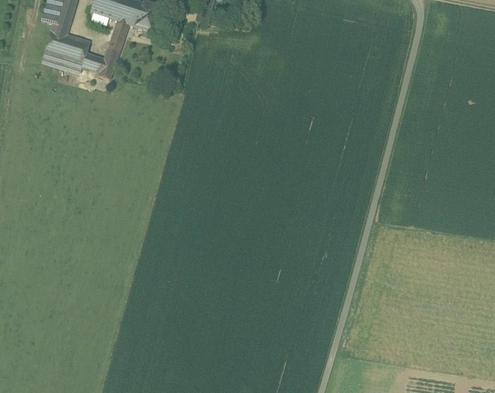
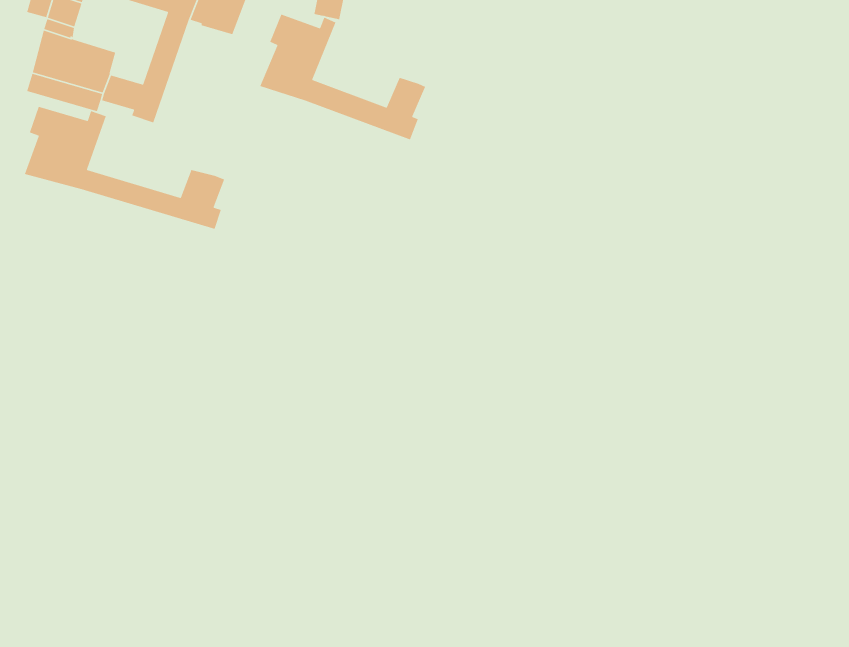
building: none -> [259,13,426,141]
building: none -> [24,106,225,230]

